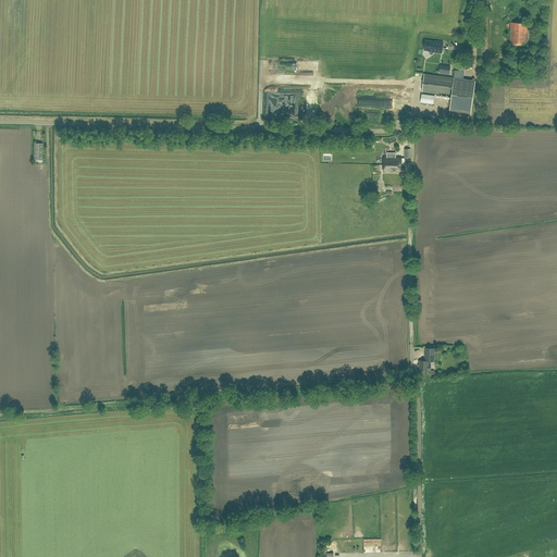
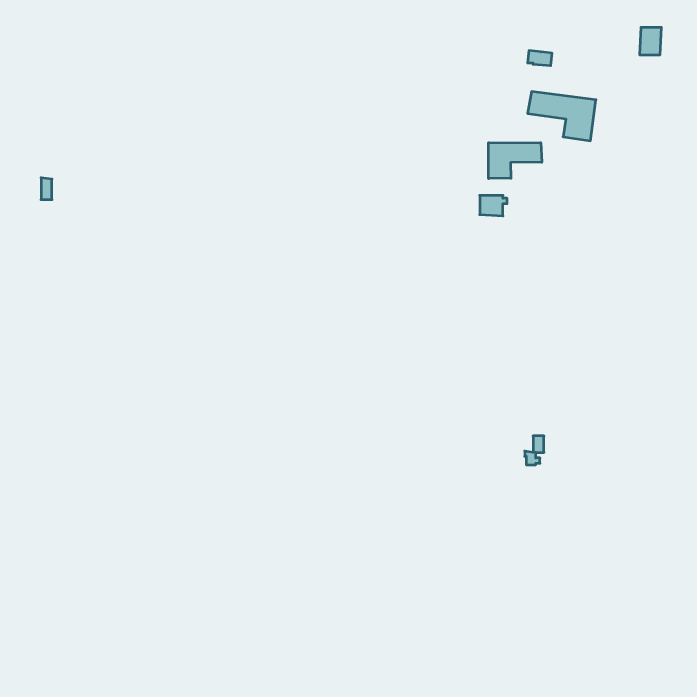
building: none -> [489,143,542,179]

